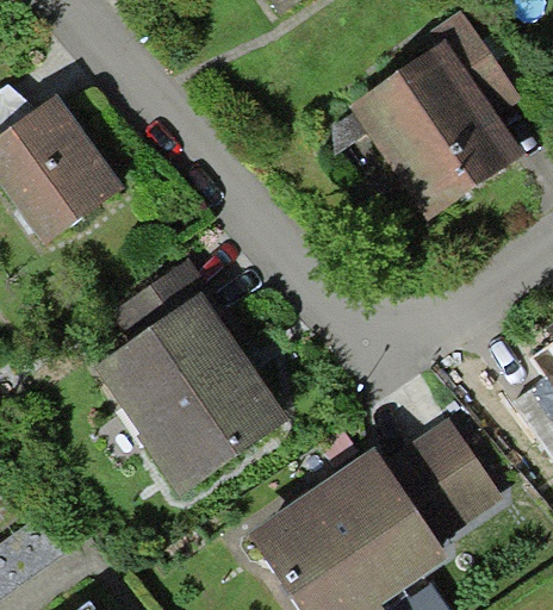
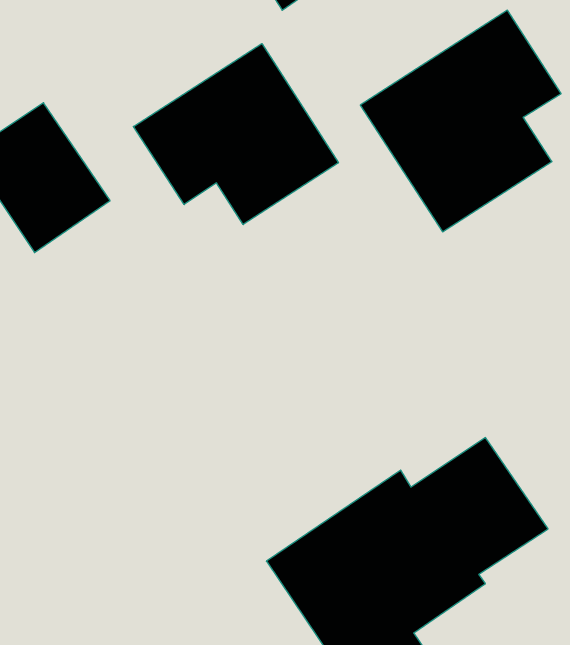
building: none -> [133,44,338,225]
building: [92,263,282,483] -> none

